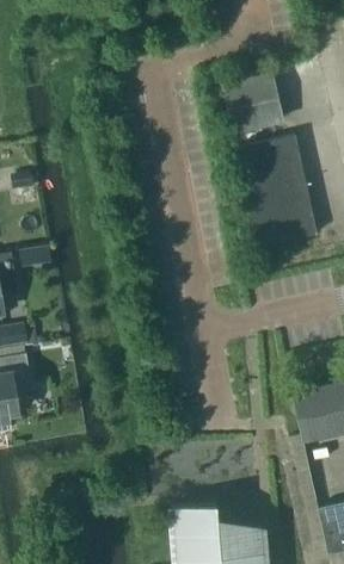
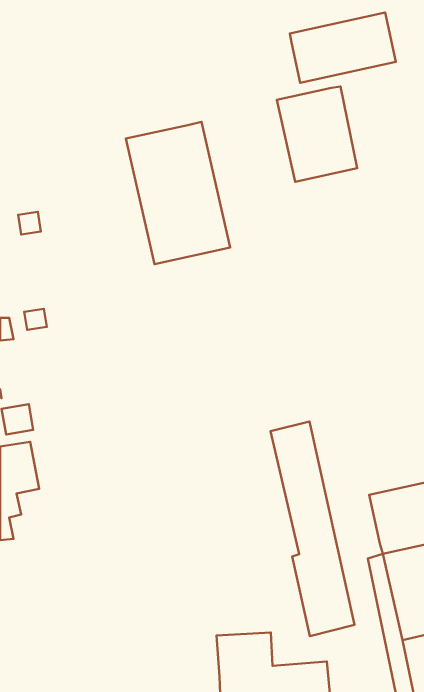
building: none -> [290,13,396,83]
building: [235,135,318,247] -> [126,122,230,264]
building: none -> [271,421,355,636]

